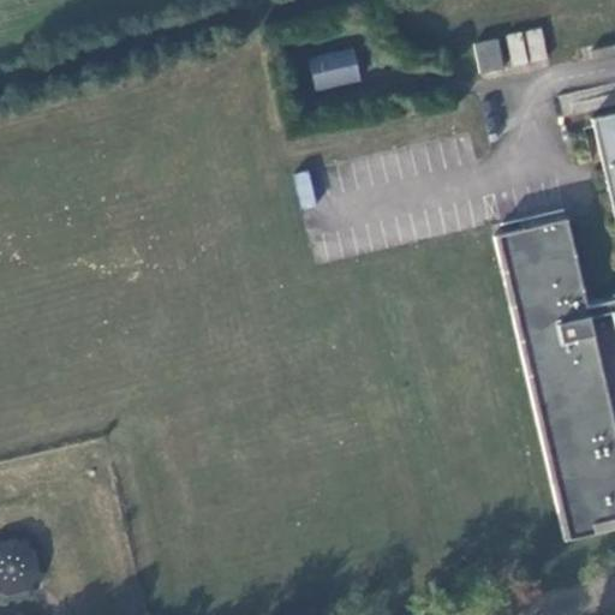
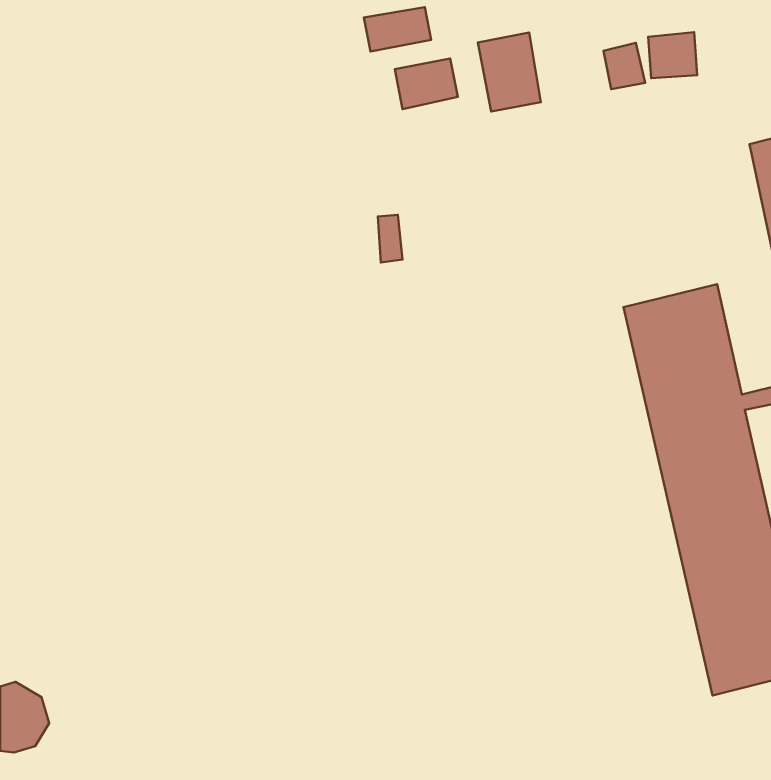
building: none -> [364,7,431,52]
building: none -> [478,32,541,112]

